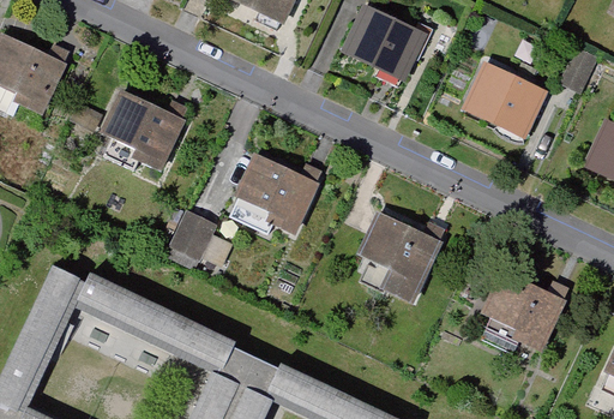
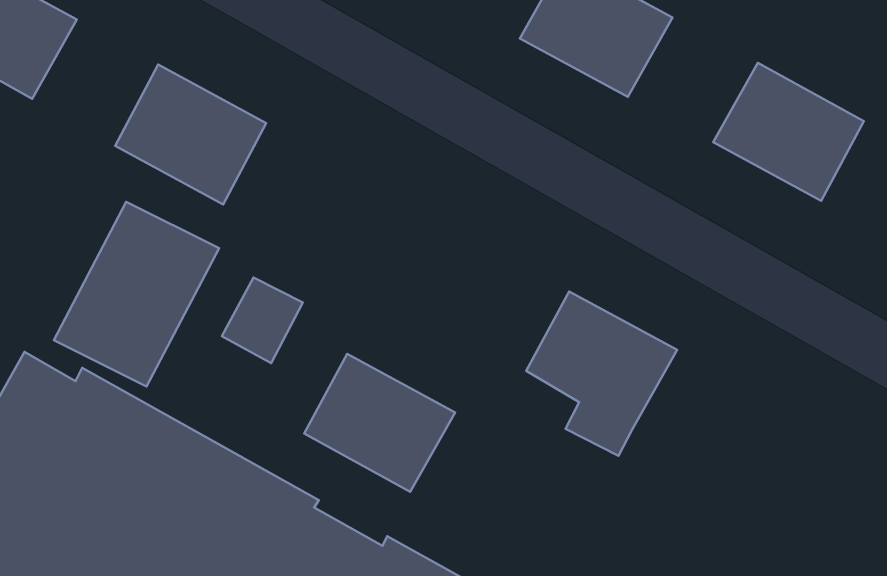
building: [230,149,321,231] -> [304,354,455,492]
building: none -> [54,202,219,387]
building: [477,267,568,349] -> none

